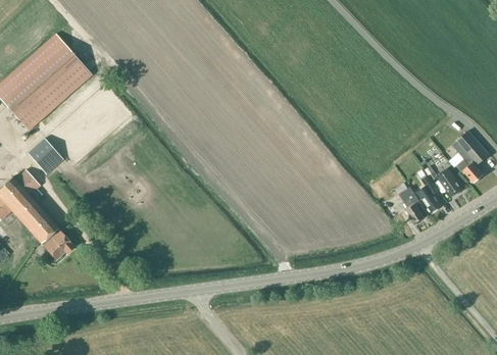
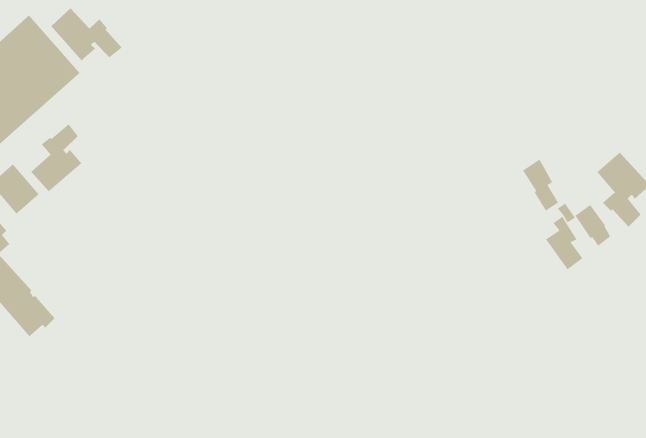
building: none -> [50,7,122,61]
building: none -> [31,123,82,192]
building: [398,186,424,222] -> [522,159,559,211]

